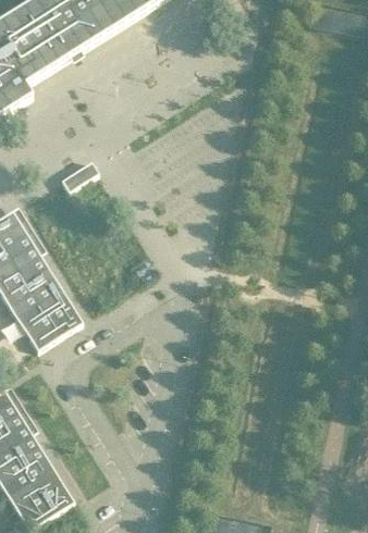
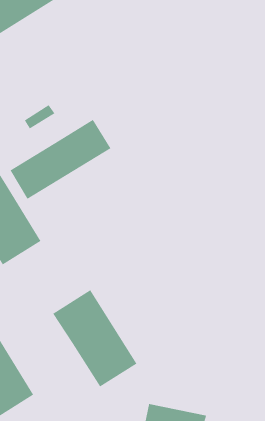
building: none -> [9,119,112,200]
building: none -> [52,289,137,387]

